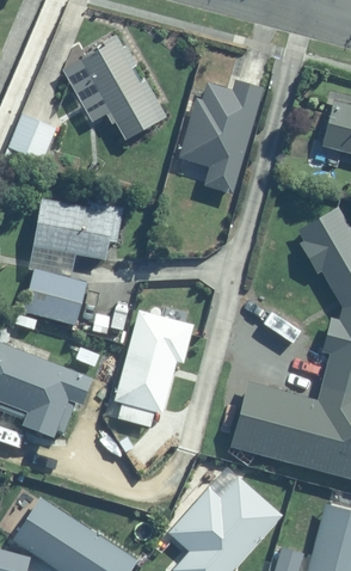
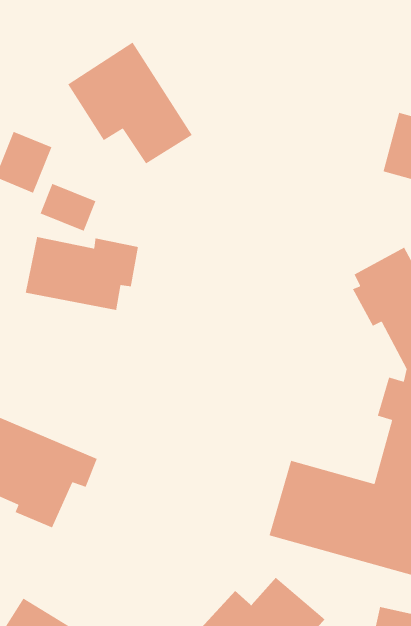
building: [183,82,263,192] -> none
building: none -> [39,183,97,232]
building: [21,268,88,324] -> none
building: [104,308,196,425] -> none

